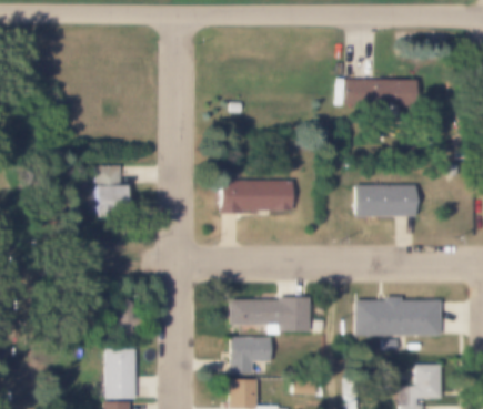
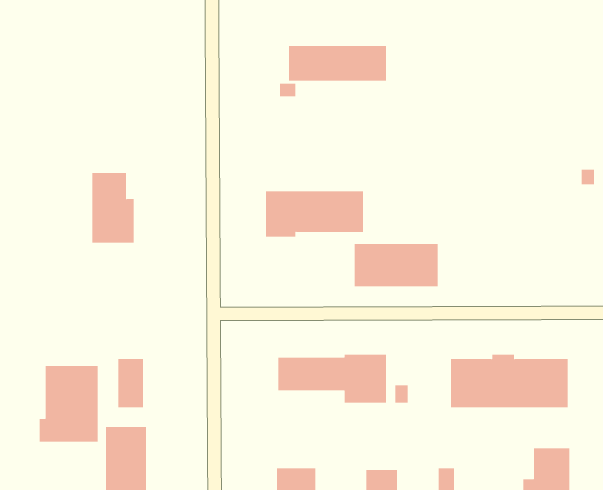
building: [346,80,417,105] -> [288,46,387,81]
building: [355,185,416,216] -> [354,244,438,287]
building: none -> [39,365,98,442]
building: [229,337,270,376] -> none

